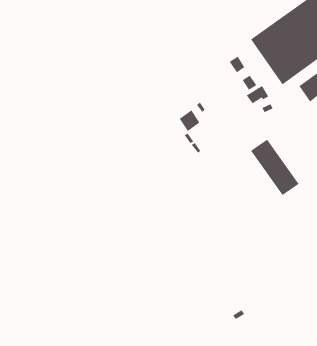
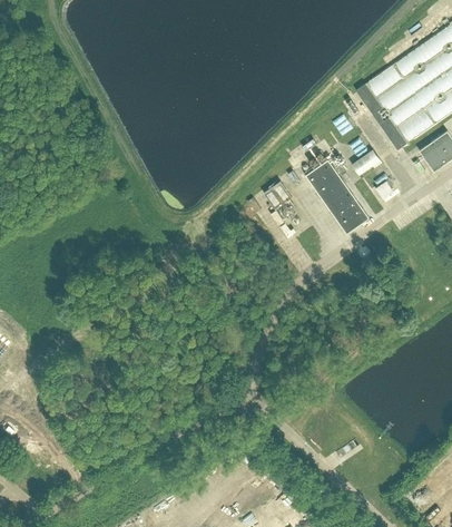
building: [250,139,299,196] -> [305,159,369,233]

